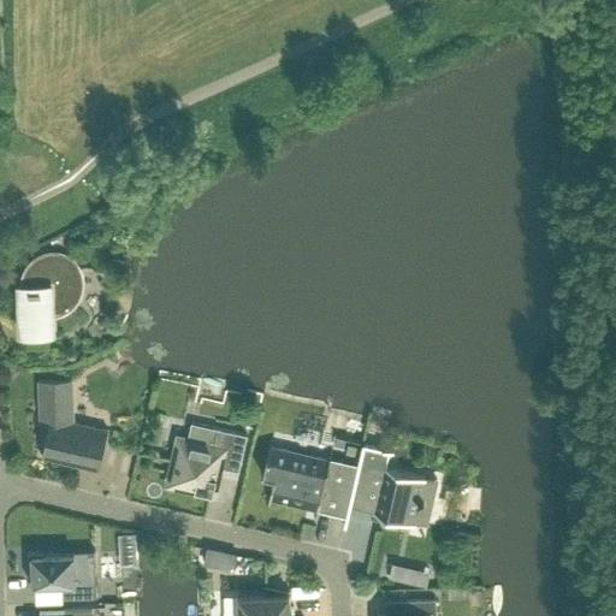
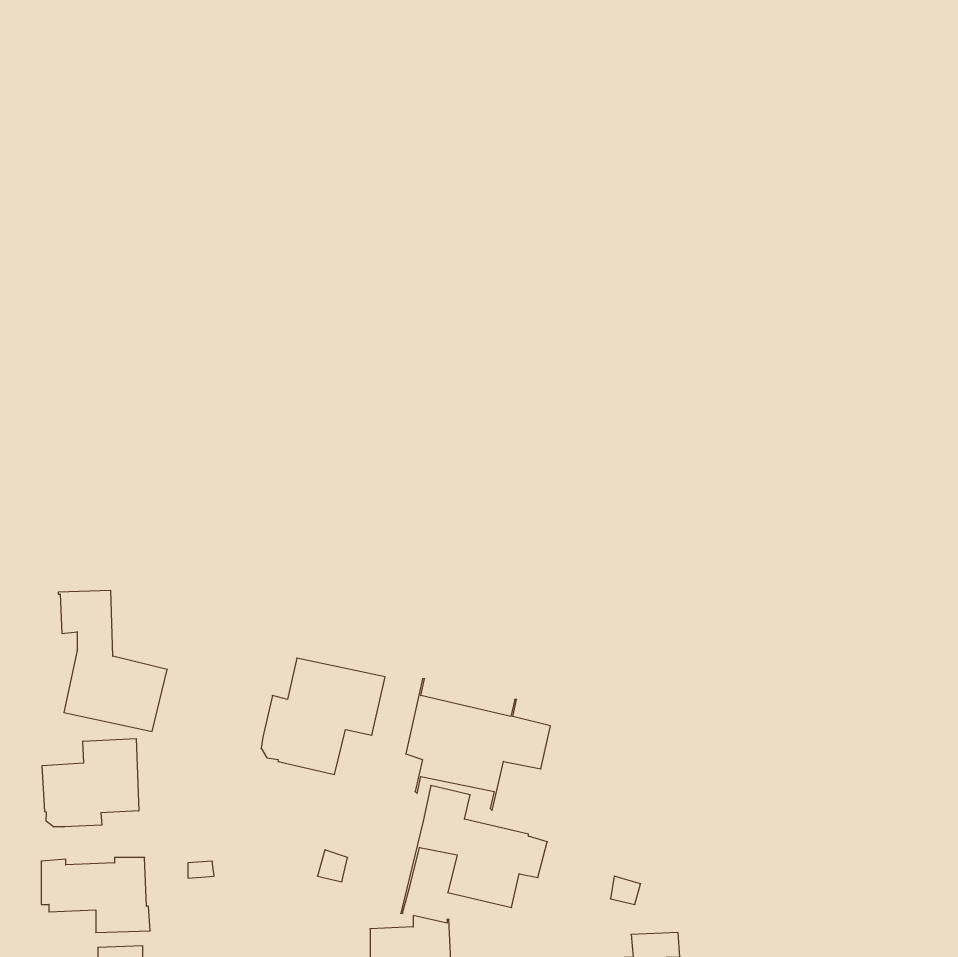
building: [18,253,82,333] -> none
building: [343,445,437,527] -> [401,785,547,913]
building: none -> [42,739,139,827]

